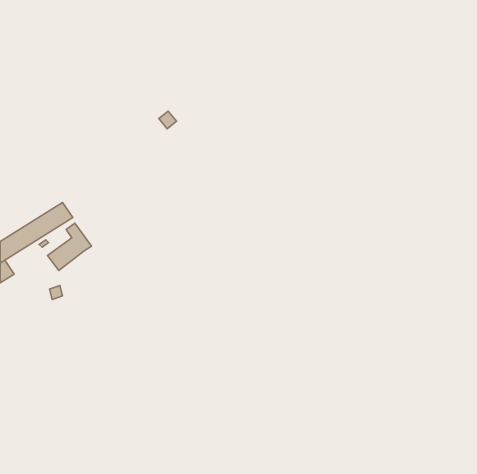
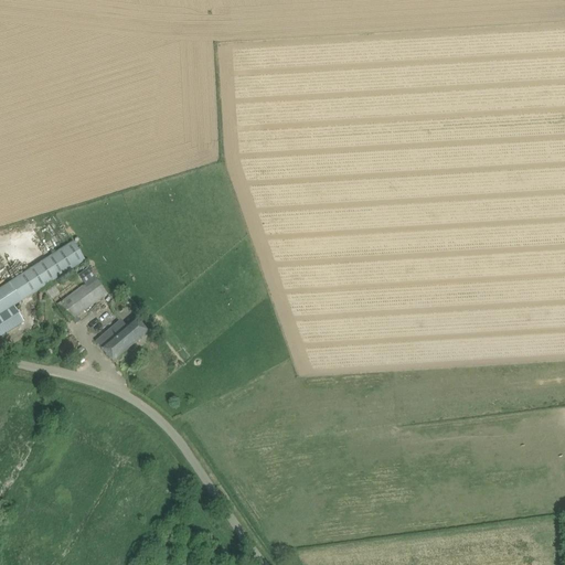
building: none -> [96,315,148,359]

